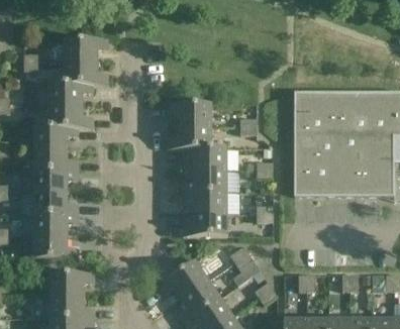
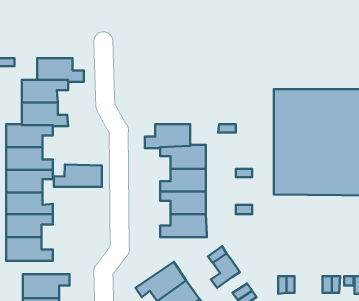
building: [63,37,108,61] -> none
building: [168,102,212,125] -> none
building: none -> [54,164,102,187]

